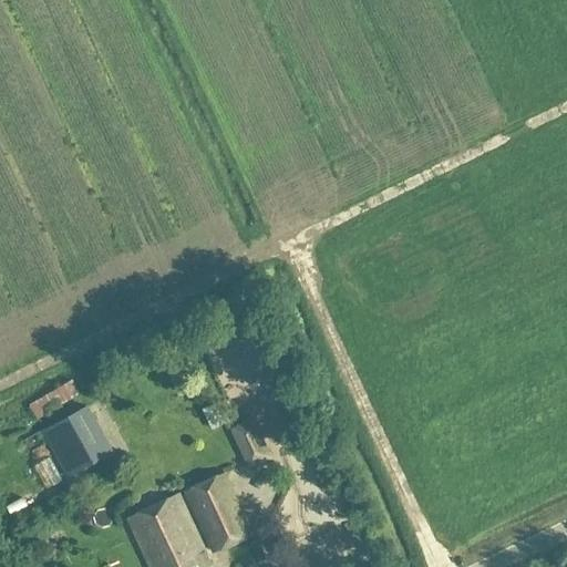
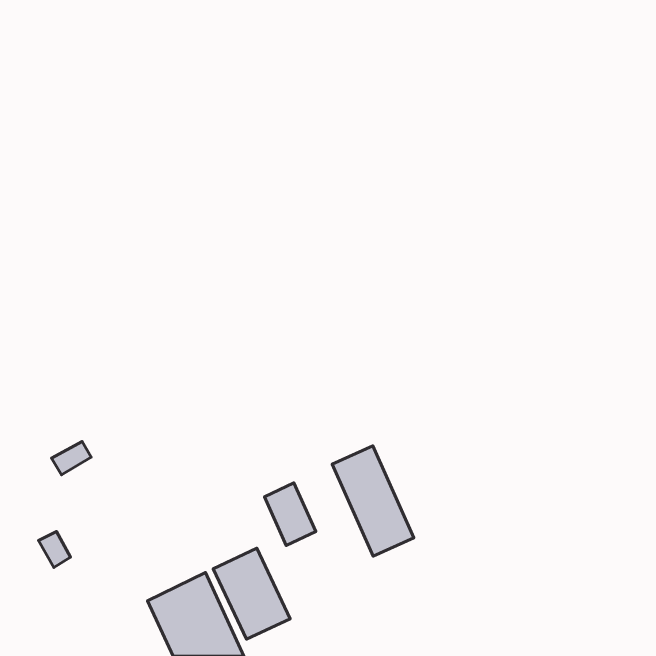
building: none -> [332,446,414,556]
building: [41,405,112,478] -> none

